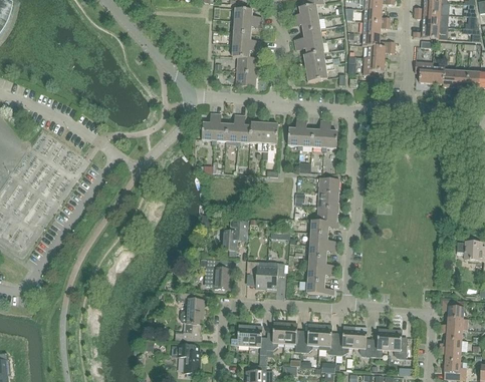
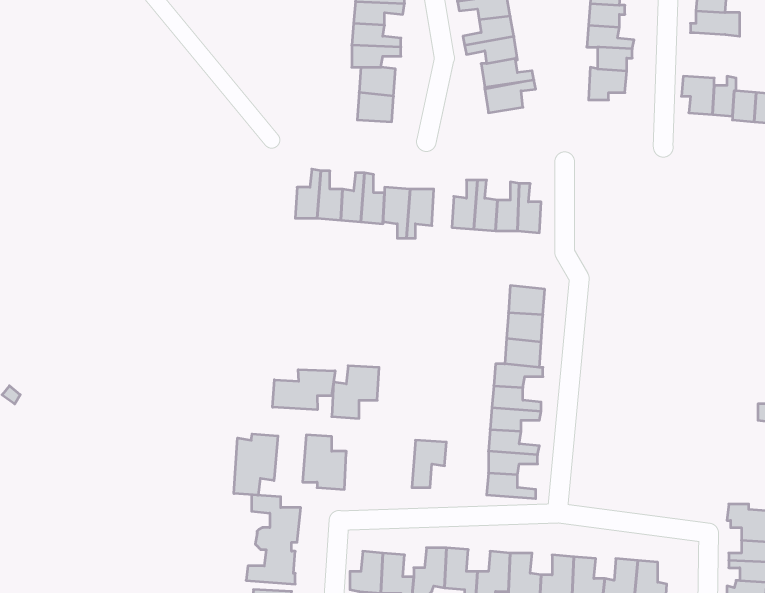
building: none -> [273,370,335,410]
building: none -> [234,434,278,495]
building: [249,261,267,289] -> none

